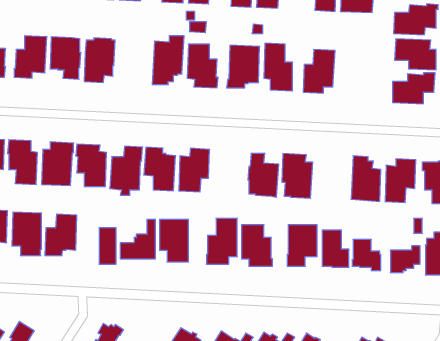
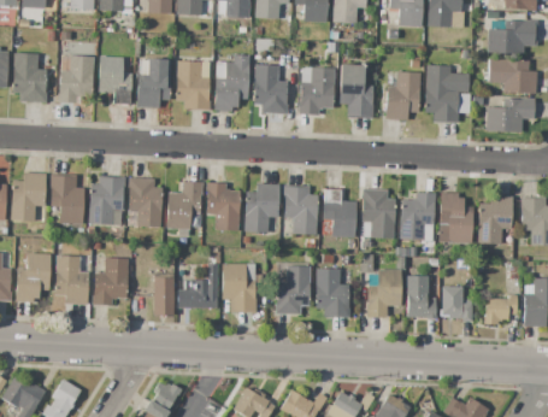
building: none -> [177,60,211,111]
building: none -> [425,65,472,123]
building: none -> [284,186,318,235]
building: none -> [400,192,436,241]

